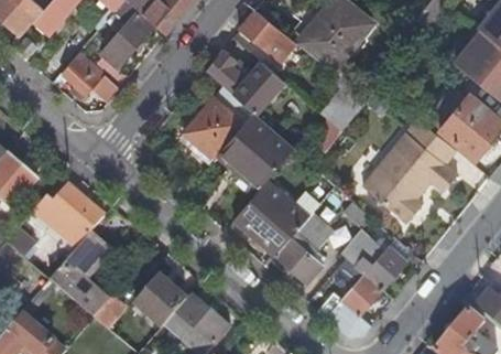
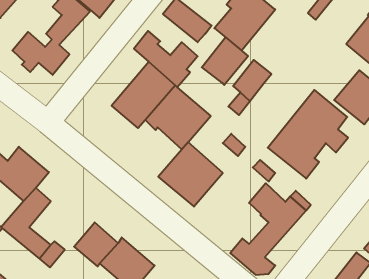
building: none -> [202,37,248,85]
building: [275,211,334,282] -> none

